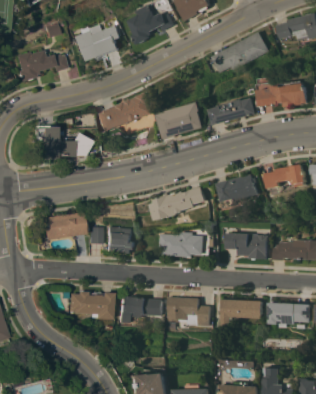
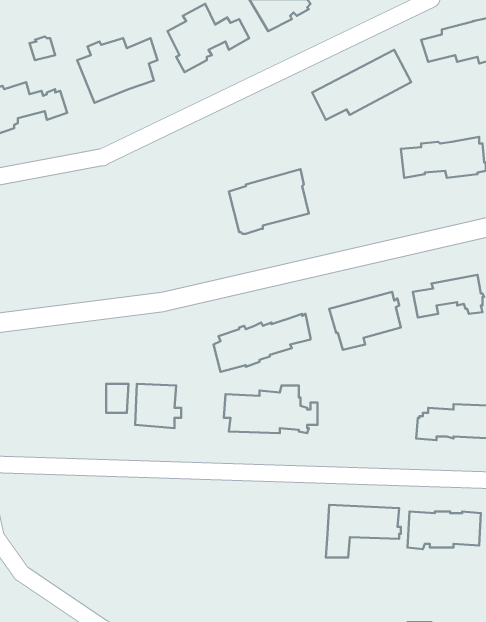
building: [97,93,158,139] -> none
building: [216,97,264,125] -> none
building: [35,126,92,160] -> none
building: [44,212,86,240] -> none
building: [227,232,269,259] -> none
building: [70,290,114,320] -> none
building: [121,296,163,323] -> none
building: [167,296,211,325] -> none

